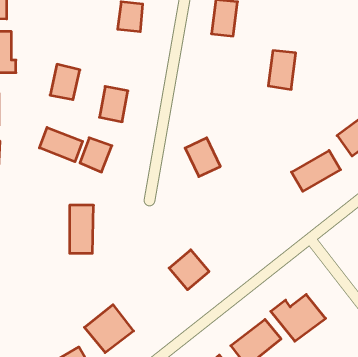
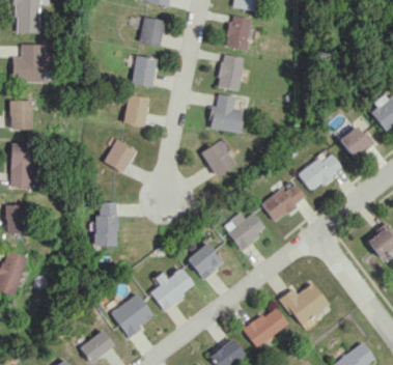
building: [268,51,296,89] -> [217,55,242,90]
building: [50,64,80,100] -> [131,55,158,87]
building: none -> [208,94,242,133]
building: [39,127,83,162] -> none
building: none -> [261,184,306,220]
building: none -> [223,213,266,250]
building: none -> [150,268,195,309]

